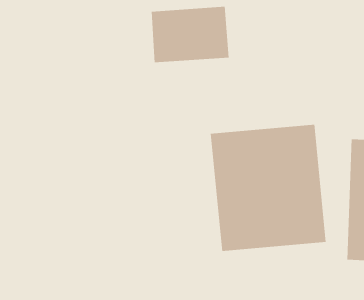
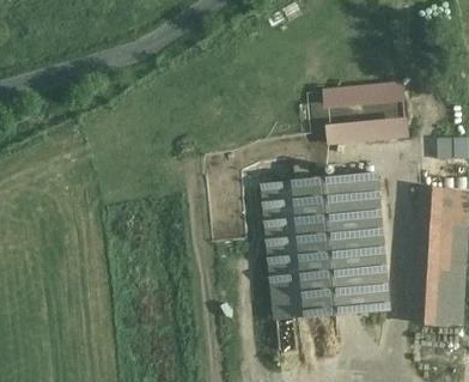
building: [151,6,230,63] -> [319,80,409,145]

